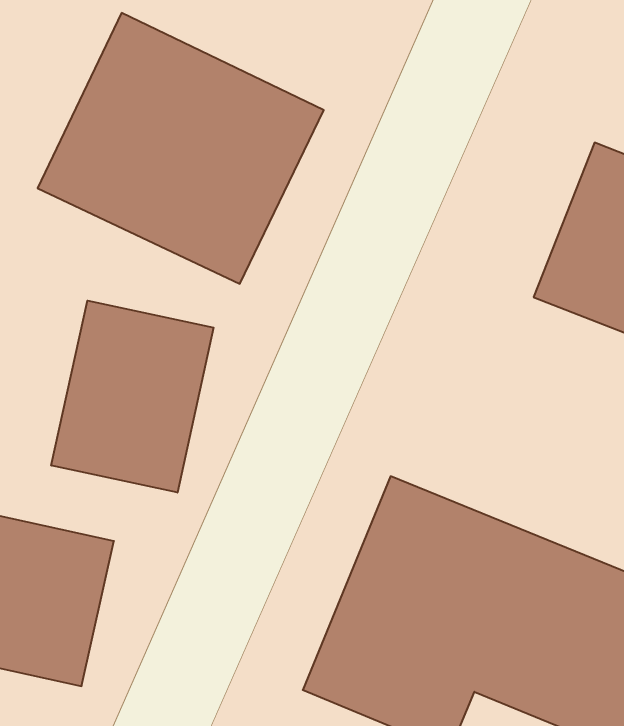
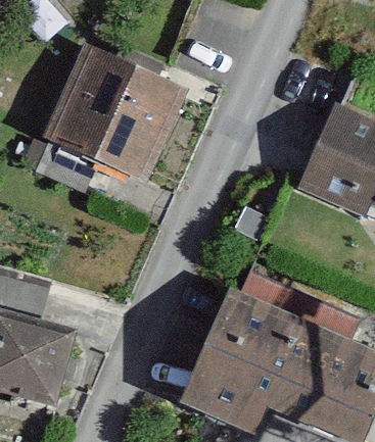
building: [51,301,214,493] -> none

